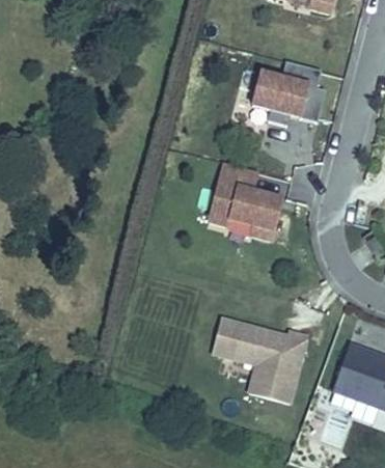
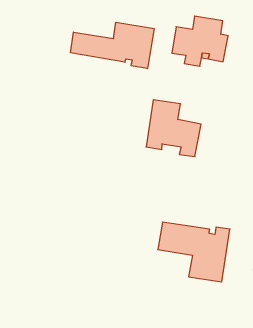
building: none -> [71,22,154,69]

